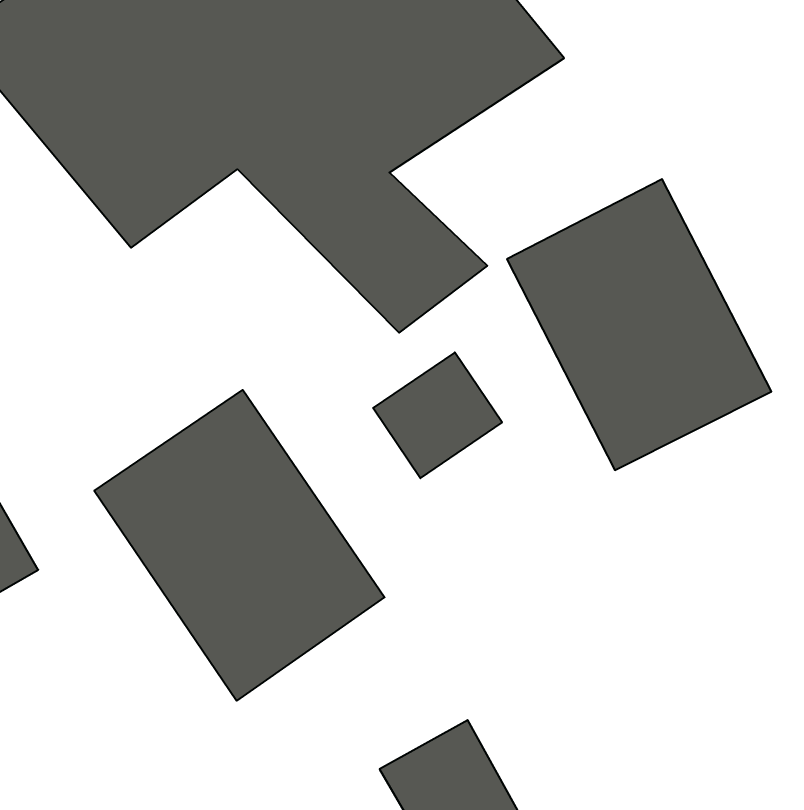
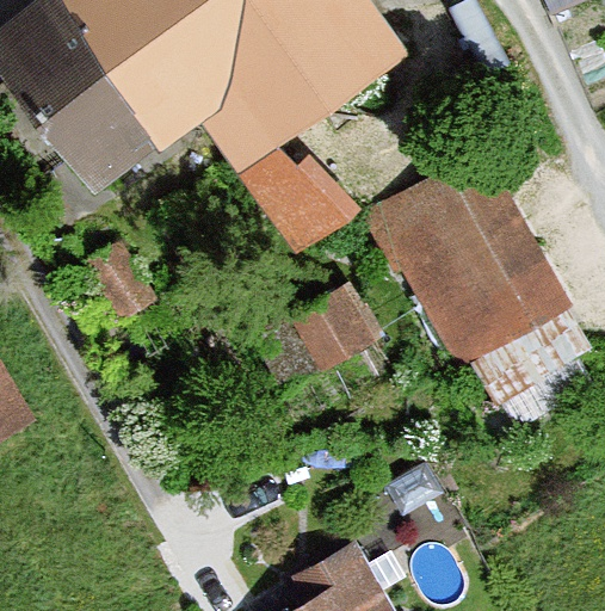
building: [94,390,385,701] -> none

